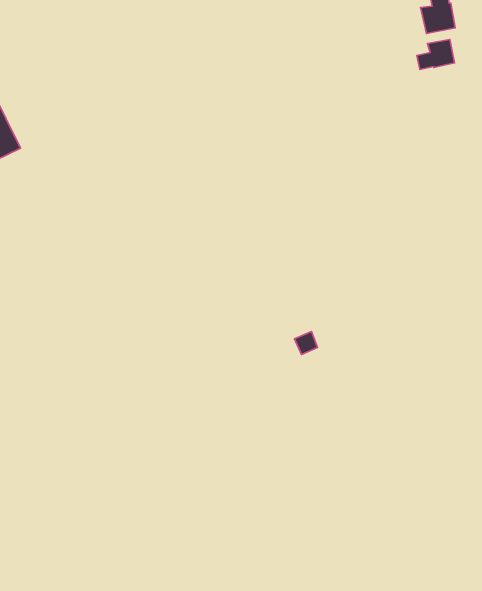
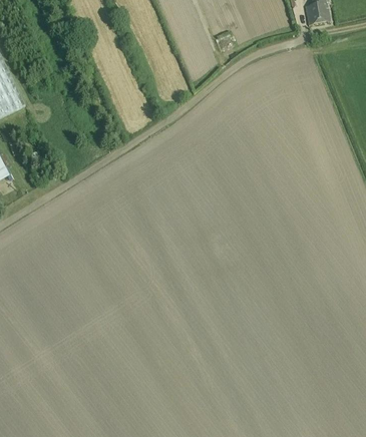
building: [417,40,455,69] -> none

